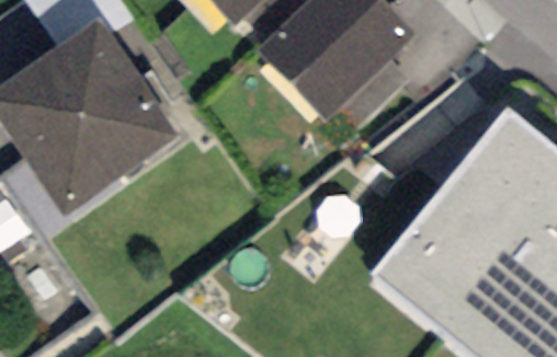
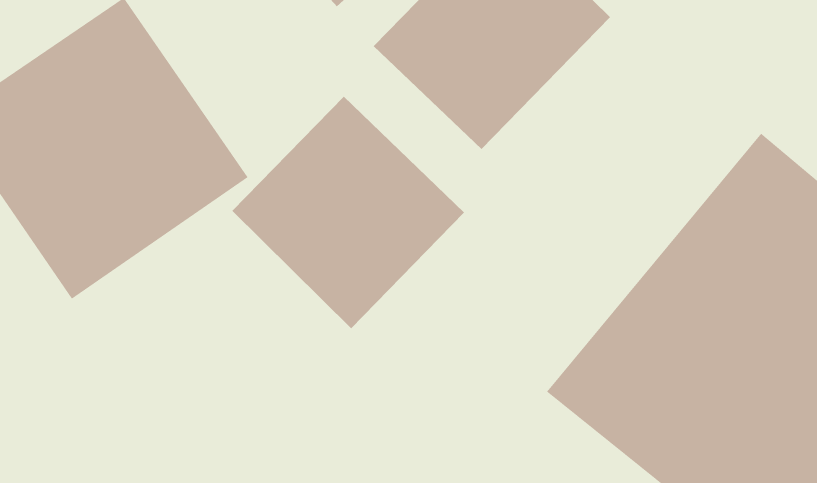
building: none -> [232,96,465,329]

